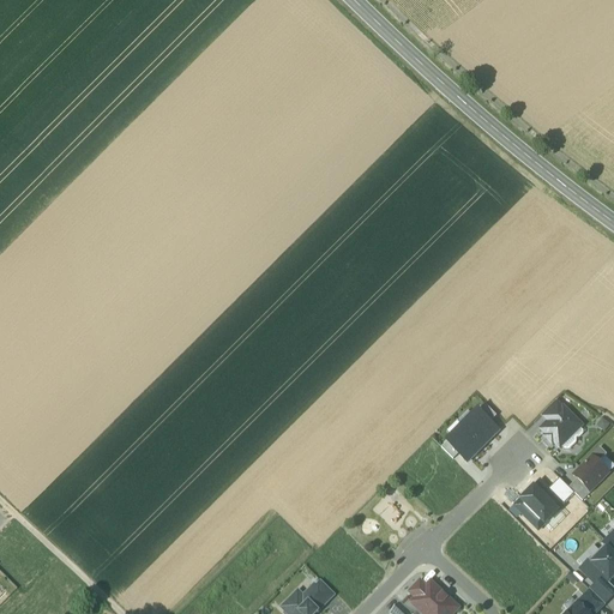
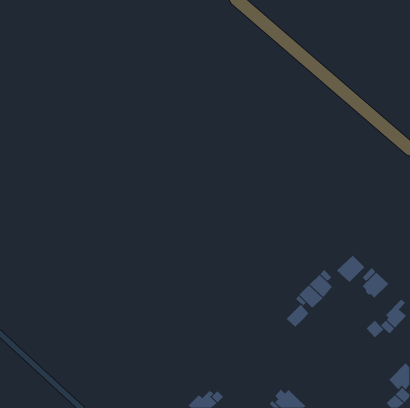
building: none -> [336,255,365,283]
building: none -> [286,304,309,327]
building: [518,482,560,524] -> none

